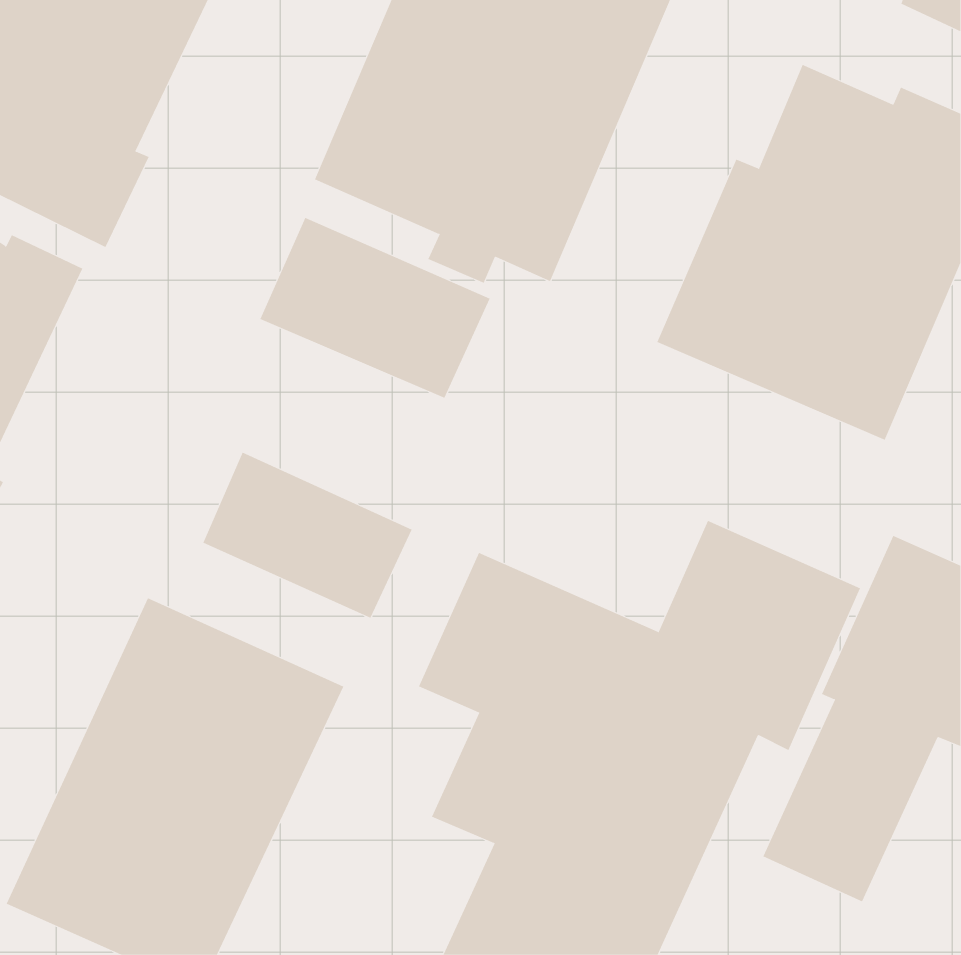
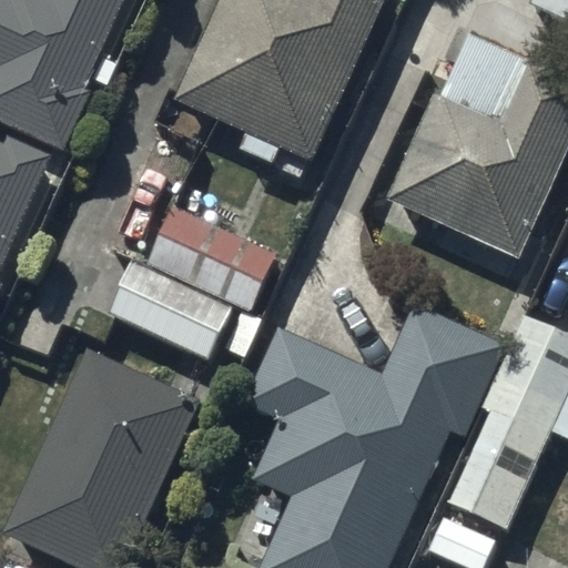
building: [260,217,490,399] -> [151,207,286,314]

